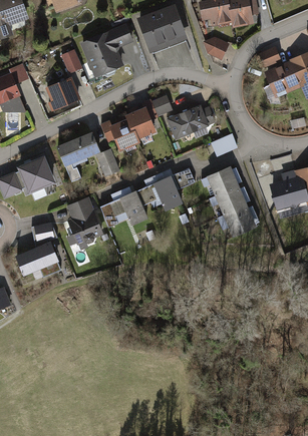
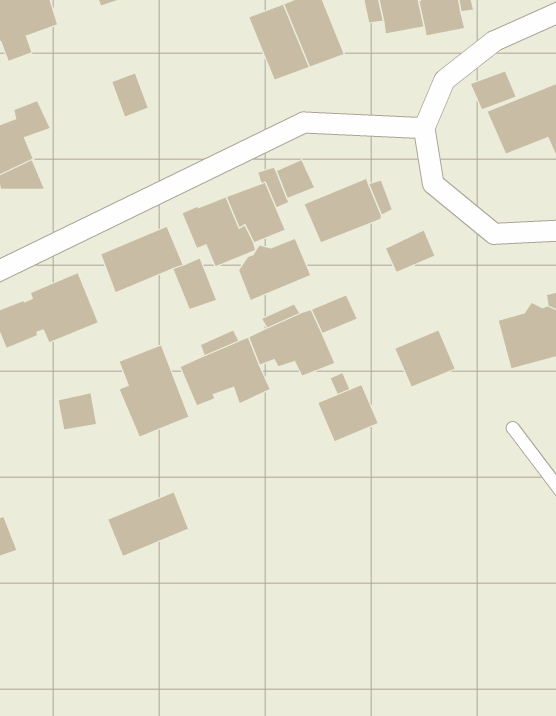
building: [80,23,132,77] -> none
building: [208,39,235,62] -> none
building: [44,77,80,111] -> none
building: none -> [239,238,311,301]
building: [206,166,239,197] -> none
building: [224,208,257,240] -> [317,384,378,442]
building: [14,242,58,277] -> [108,492,189,557]

